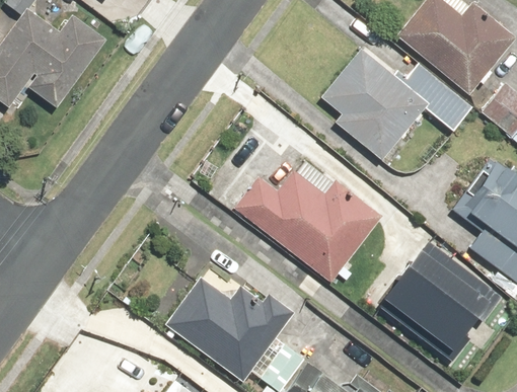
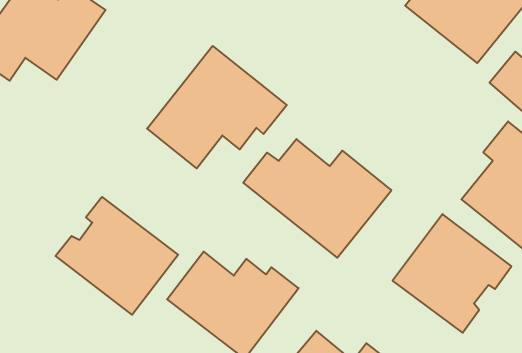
building: [316,43,470,164] -> none
building: none -> [147,46,287,168]
building: none -> [56,197,178,315]

